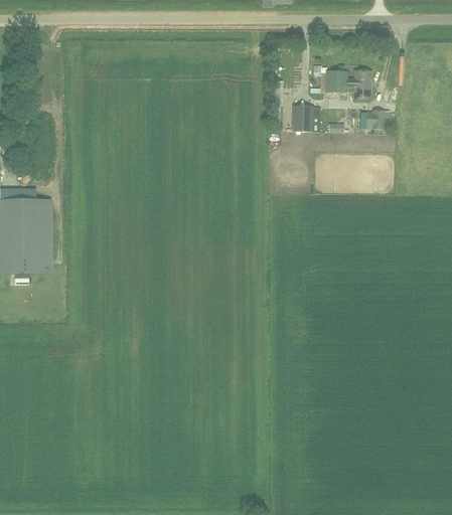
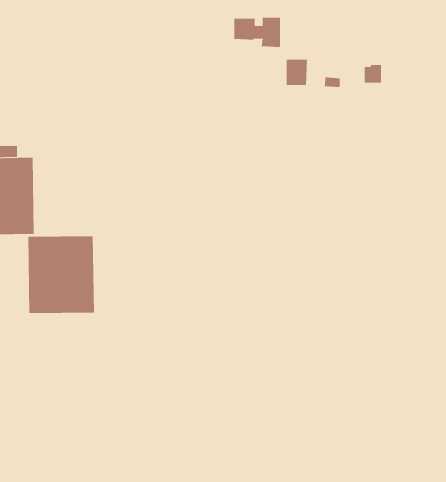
building: [325,69,370,99] -> [233,17,281,48]
building: none -> [28,235,94,314]

